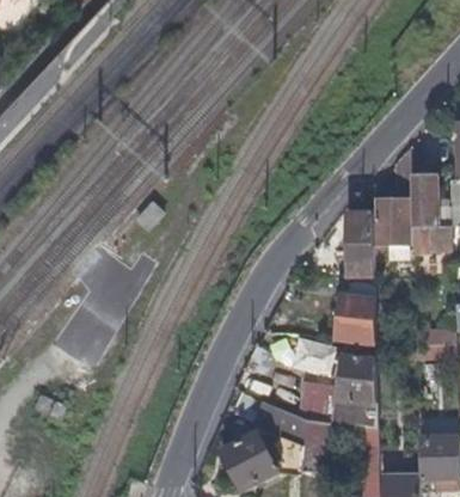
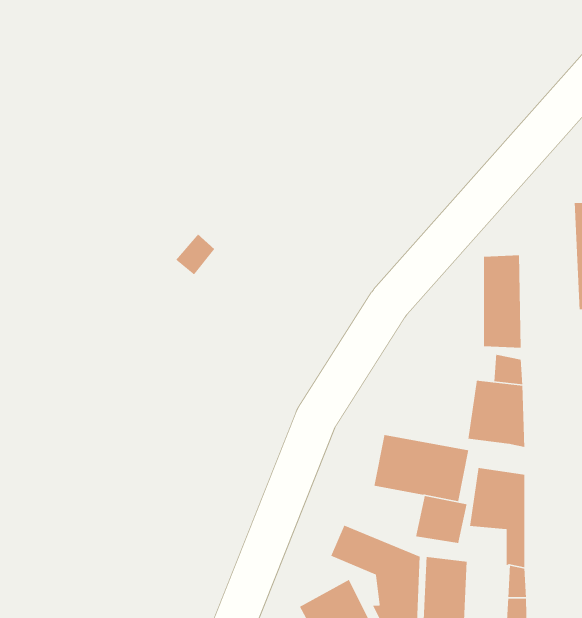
building: [376,197,407,241] -> none

